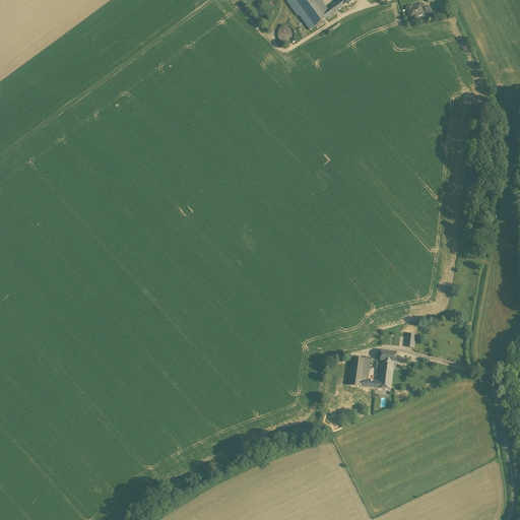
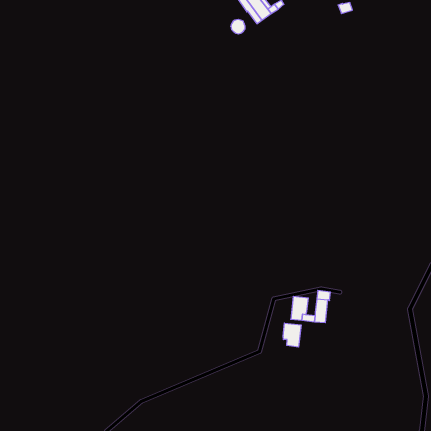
building: none -> [283,323,301,347]

